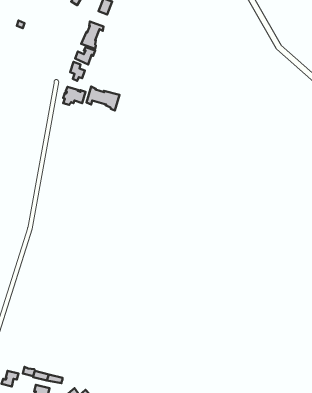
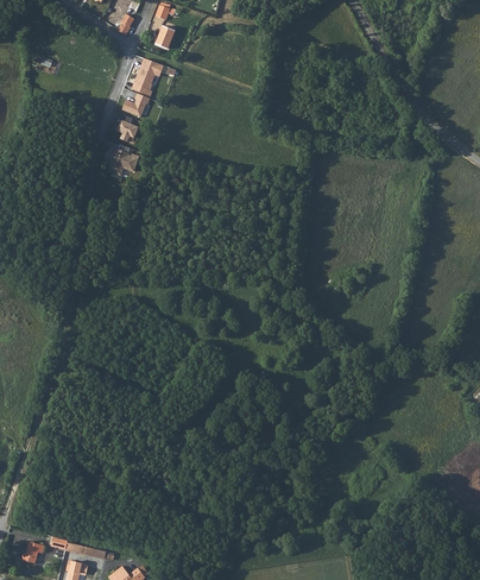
building: [86,87,119,110] -> none

